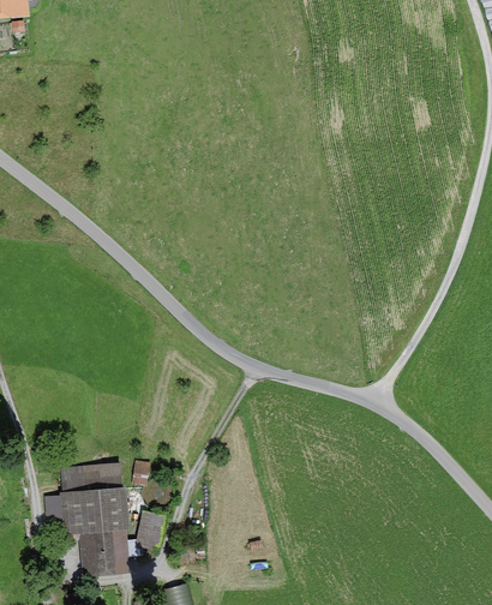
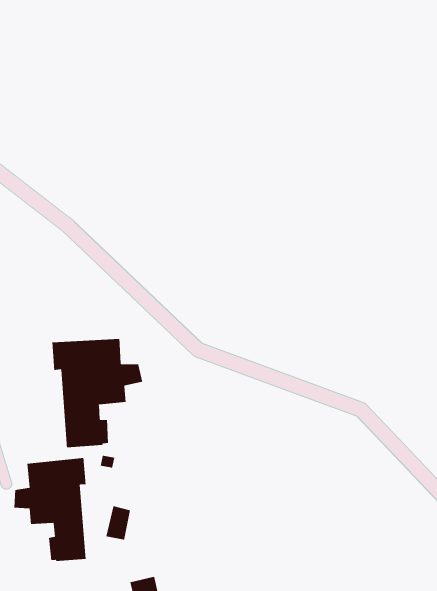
building: none -> [52,338,143,448]

